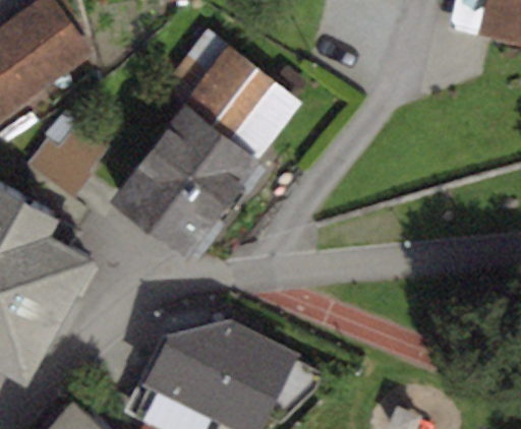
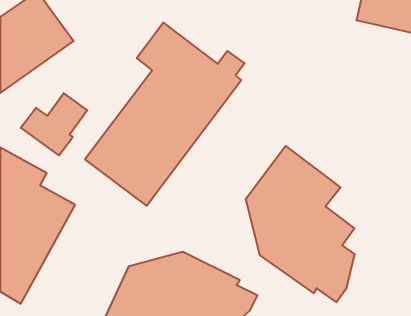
building: none -> [246,146,354,302]

